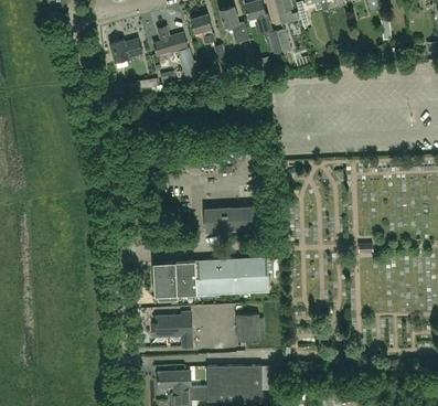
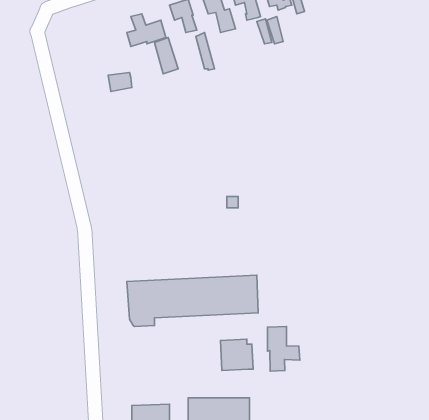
building: [110,40,142,64] -> none
building: [205,207,259,233] -> none
building: none -> [267,327,300,371]
building: [153,313,192,349] -> none

